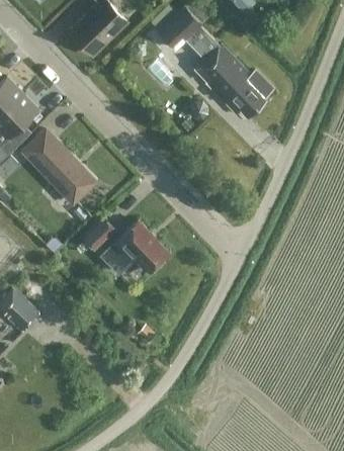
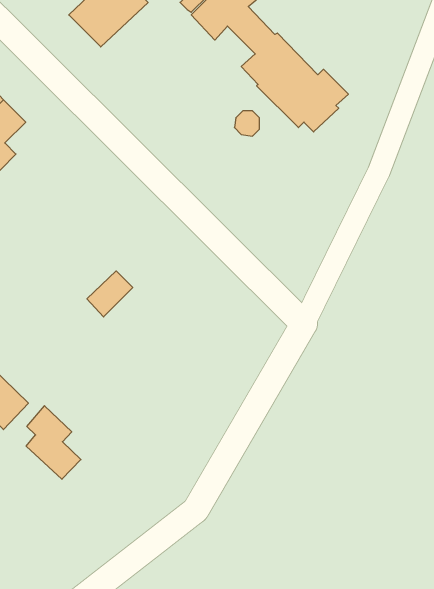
building: [24,130,95,203] -> none
building: [100,221,169,277] -> none
building: none -> [26,406,81,479]

